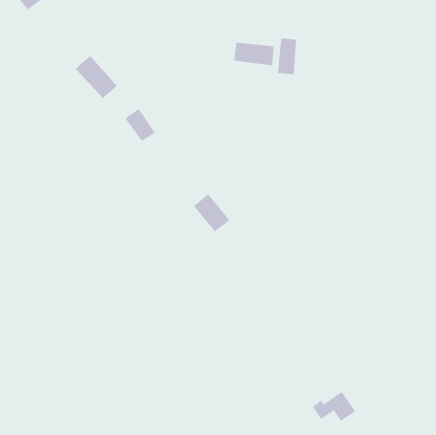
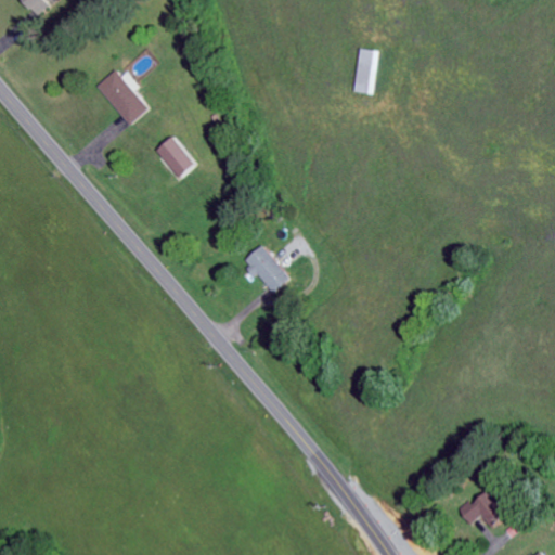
building: [234,42,274,66] -> none
building: [312,391,356,421] -> [454,489,509,527]

